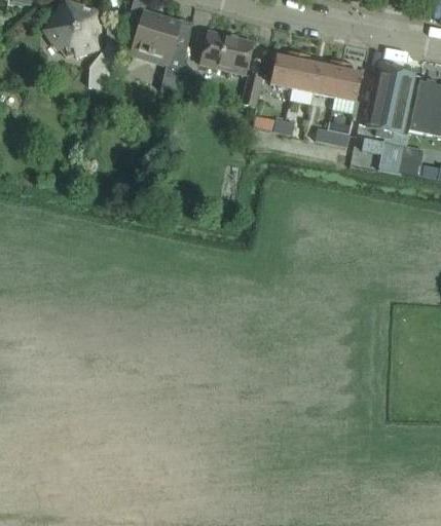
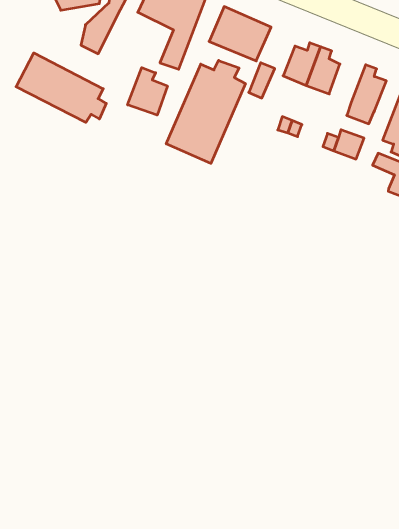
building: [313,60,340,97] -> none
building: none -> [166,60,245,163]
building: none -> [128,68,167,115]
building: none -> [16,53,106,122]

